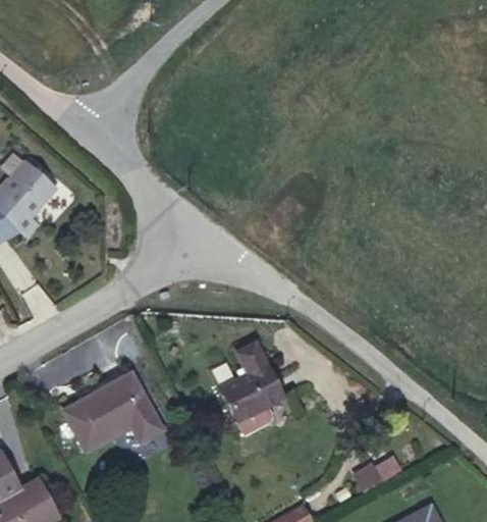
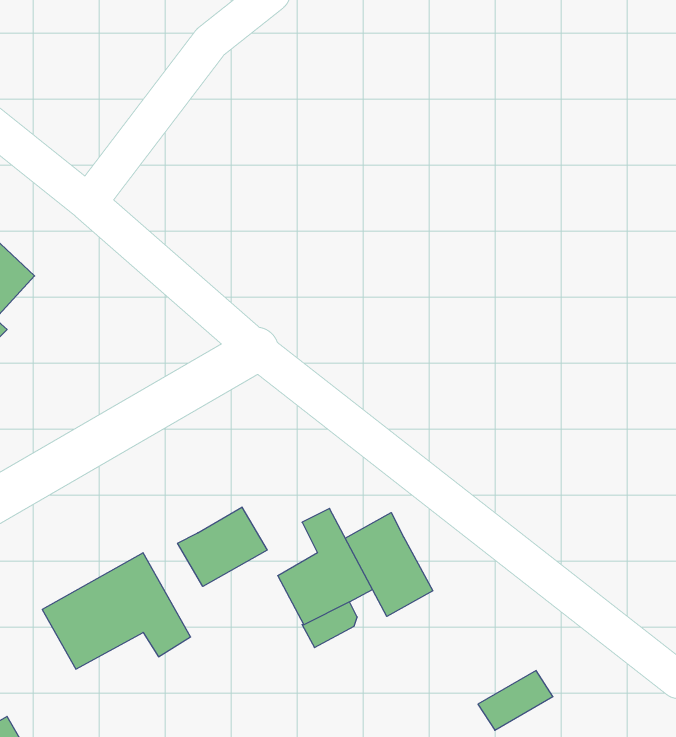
building: none -> [178,507,267,586]
building: none -> [345,513,433,616]

